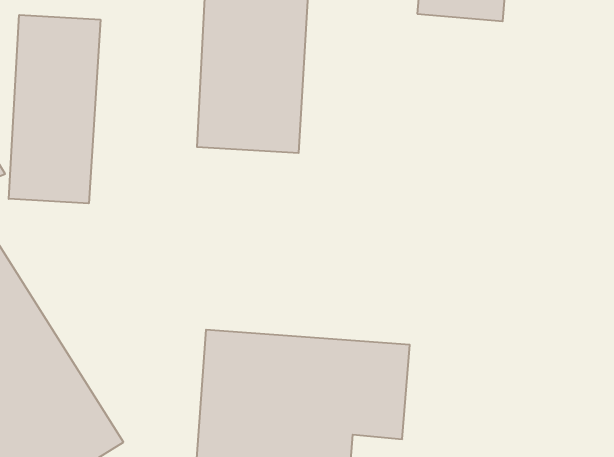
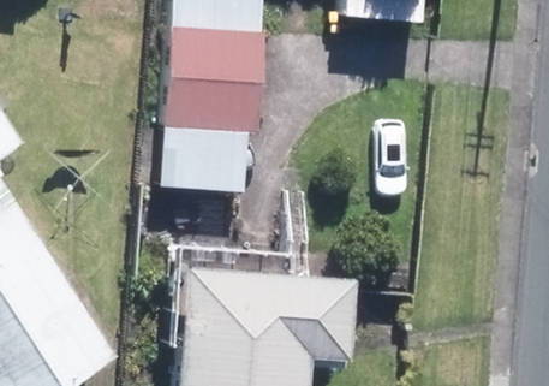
building: [9,15,100,203] -> none

